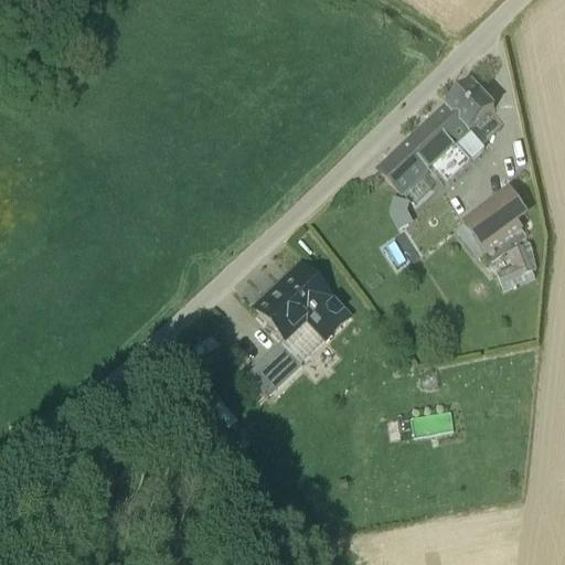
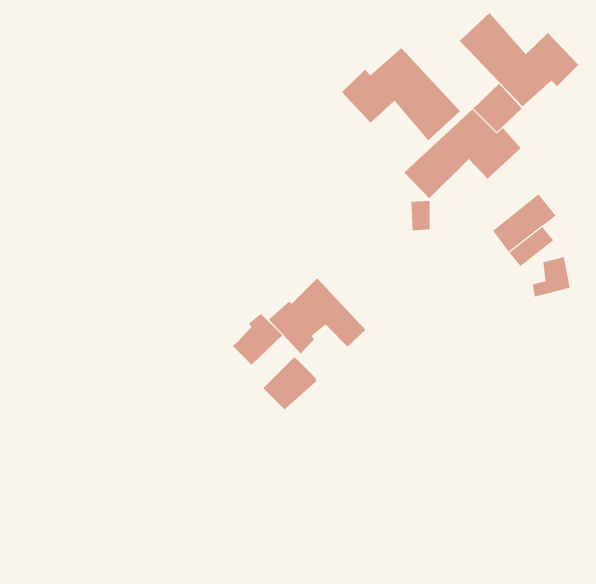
building: none -> [459,12,579,107]
building: none -> [341,47,461,141]
building: [280,308,329,358] -> [232,313,283,366]

